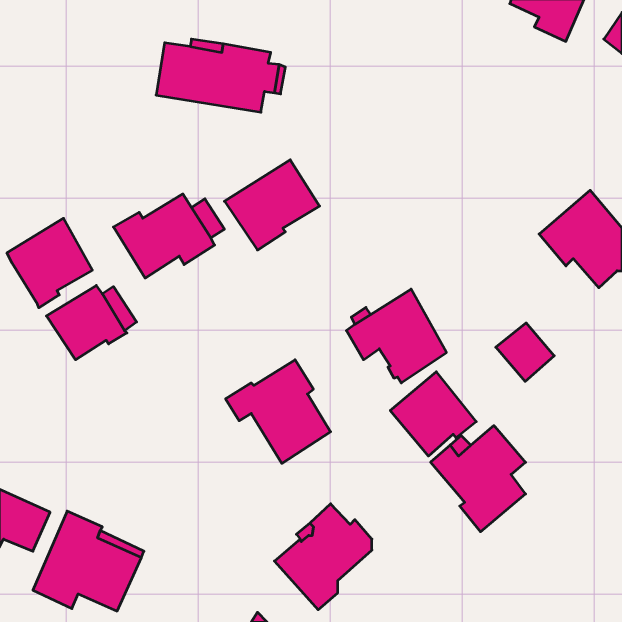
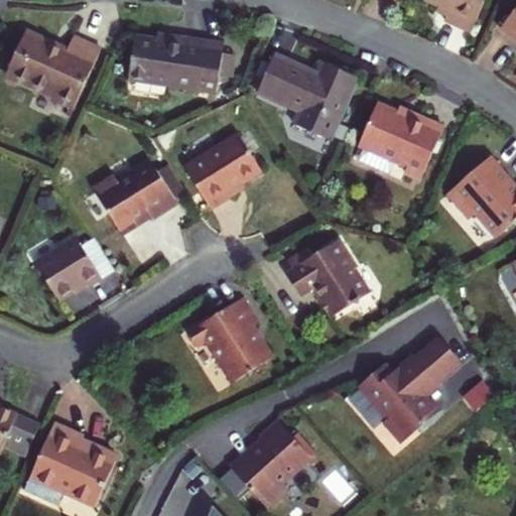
building: none -> [7,32,100,109]
building: none -> [257,51,358,140]
building: none -> [355,102,440,179]
building: [7,218,92,308] -> none
building: [496,323,554,381] -> [409,333,458,381]
building: [390,372,476,456] -> none

